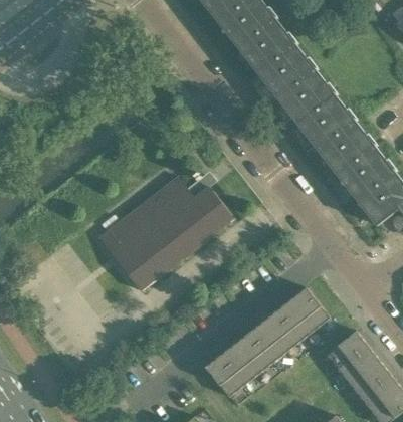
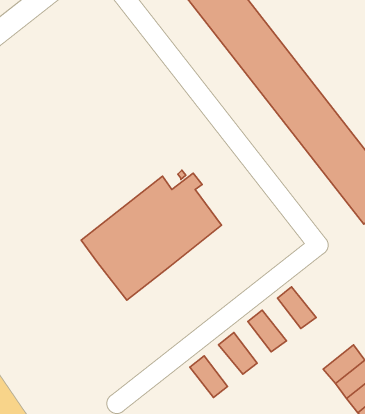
building: [276,297,315,340] -> none
building: [248,321,285,362] -> none
building: [326,330,367,368] -> none
building: [219,344,257,385] -> none

